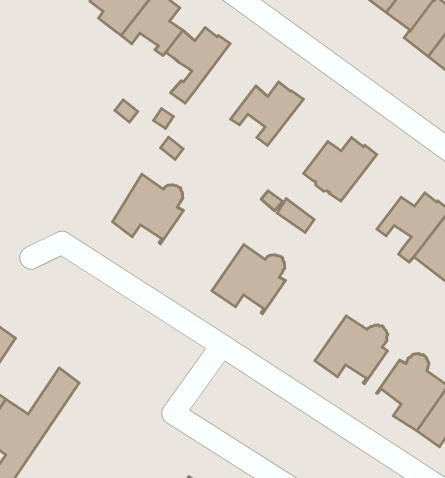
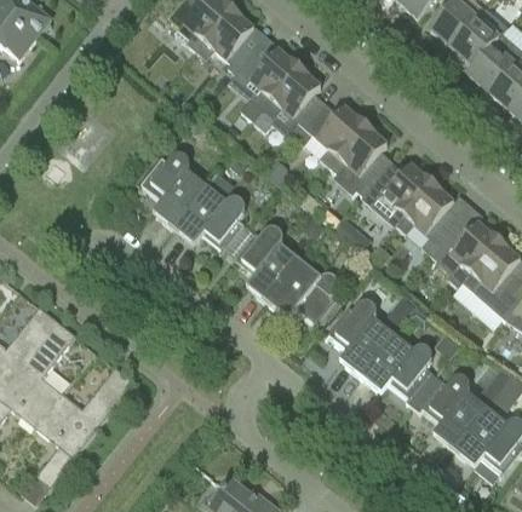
building: none -> [252,65,321,138]
building: none -> [328,123,386,195]
building: none -> [137,154,206,229]
building: none -> [395,182,453,253]
building: none -> [230,228,299,301]
building: none -> [323,295,414,375]

